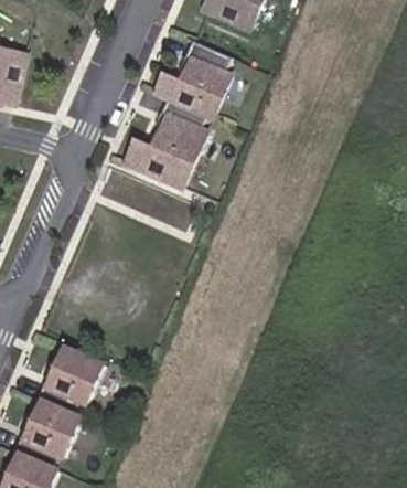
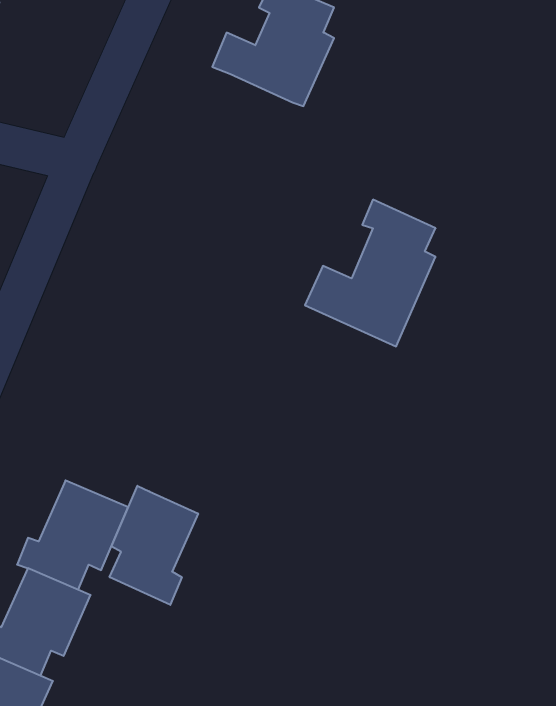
building: [124,97,204,188] -> [305,200,436,346]
building: none -> [110,486,198,605]

